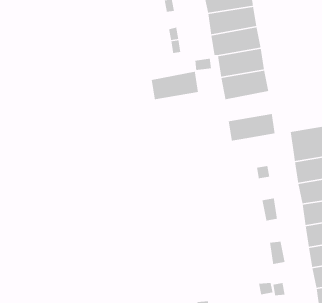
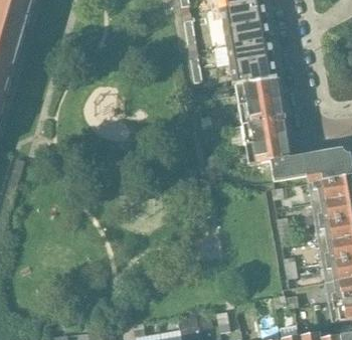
building: [151,71,199,100] -> [243,115,288,142]
building: none -> [262,152,307,179]

